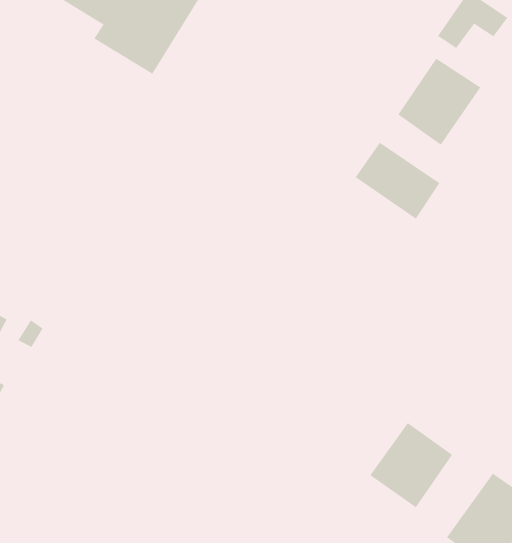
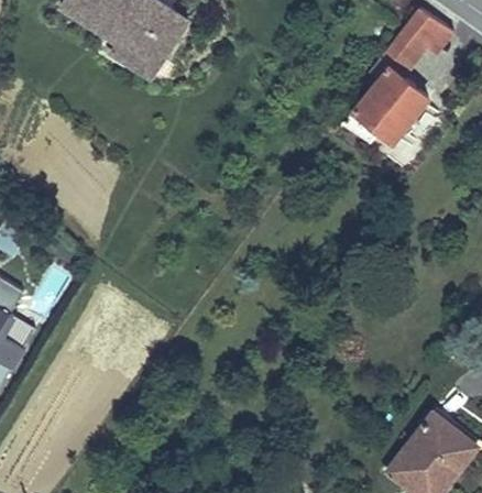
building: [355,142,440,220] -> none
building: [369,422,453,508] -> none

